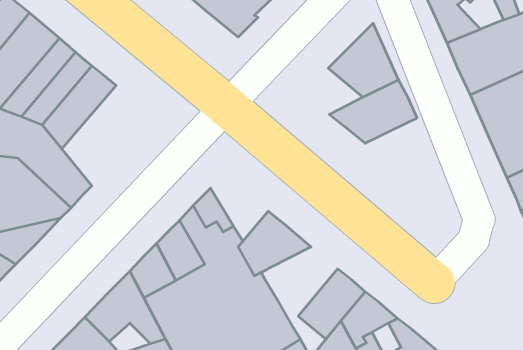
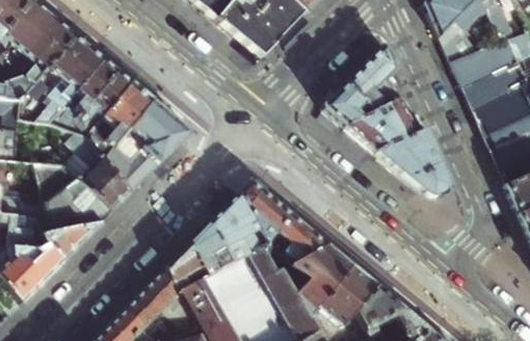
building: none -> [323,84,376,126]
building: none -> [105,100,190,190]
building: none -> [378,129,449,198]
building: none -> [239,180,291,240]
building: none -> [292,245,353,315]

